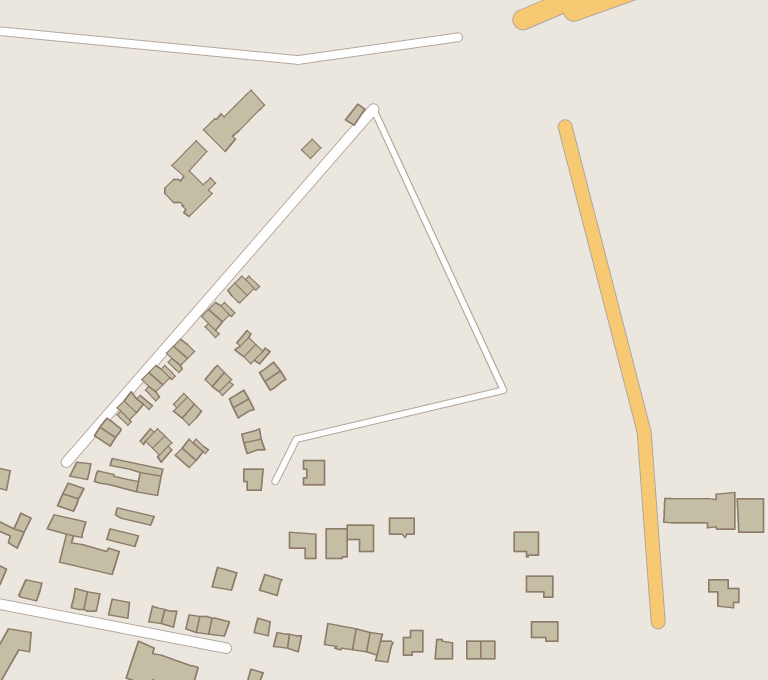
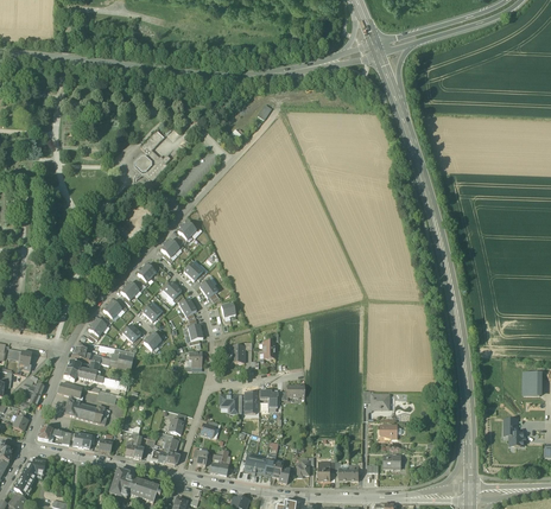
building: [204,90,265,151] -> none
building: [664,493,735,529] -> none

